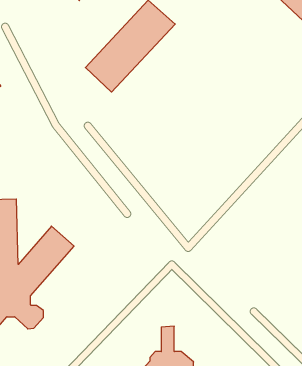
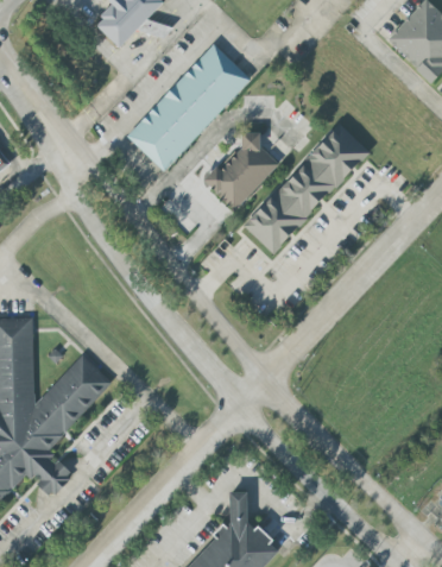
building: none -> [242,124,368,253]
building: none -> [203,130,279,210]

